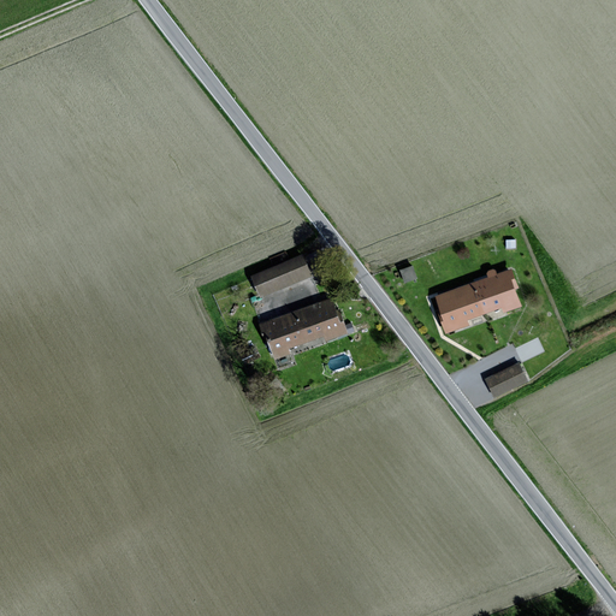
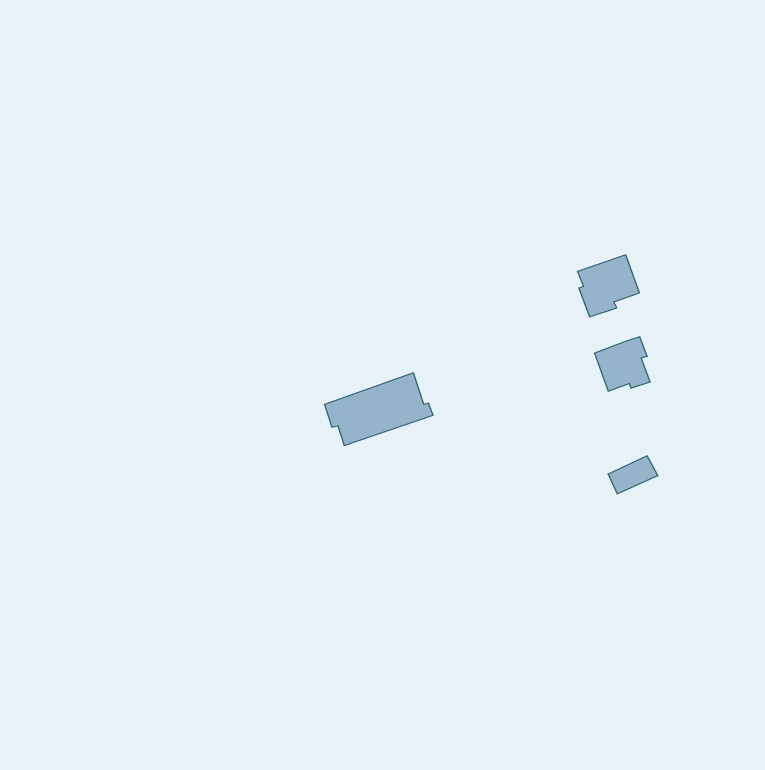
building: [253,256,309,296] -> none
building: [436,283,485,332] -> [577,255,639,317]

